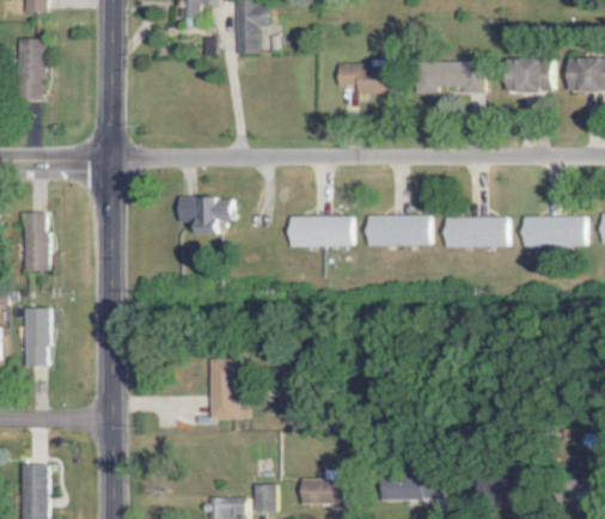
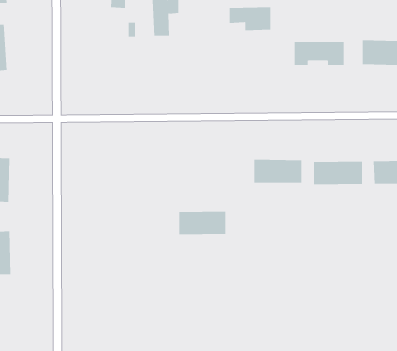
building: [337,63,392,94] -> [229,7,271,31]
building: [176,196,233,233] -> none
building: [289,215,352,246] -> [178,211,226,235]
building: [208,359,246,419] -> none

